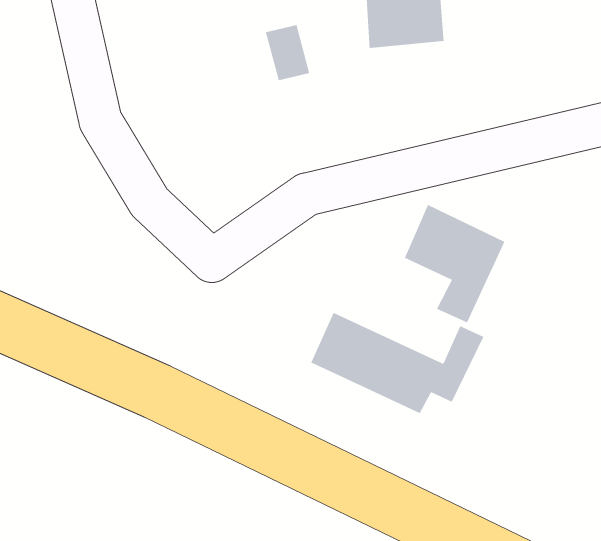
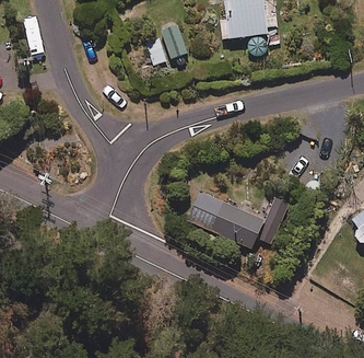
building: [404,204,506,323] -> none

